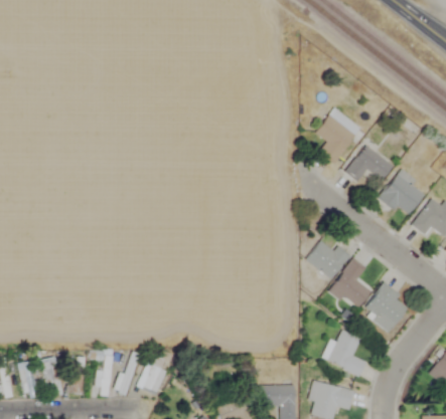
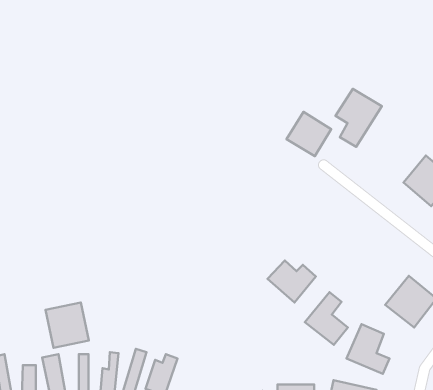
building: none -> [286,112,331,156]
building: [344,145,393,182] -> none
building: [305,241,350,280] -> [268,261,316,302]
building: [331,258,371,307] -> [305,292,348,345]
building: none -> [45,303,89,348]

